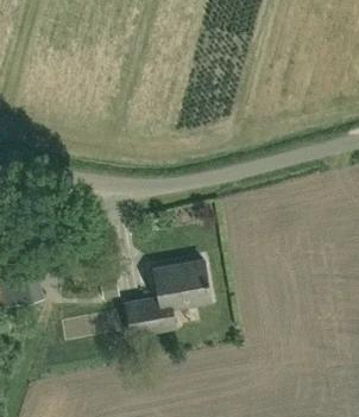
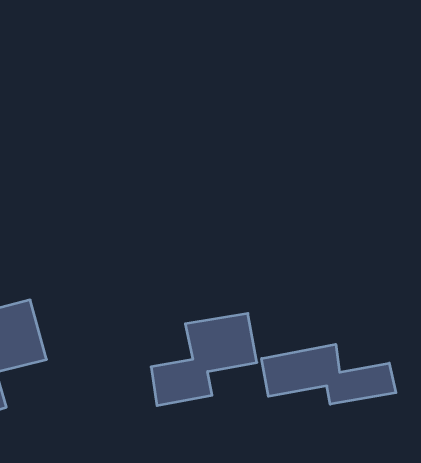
building: none -> [262,344,396,404]

